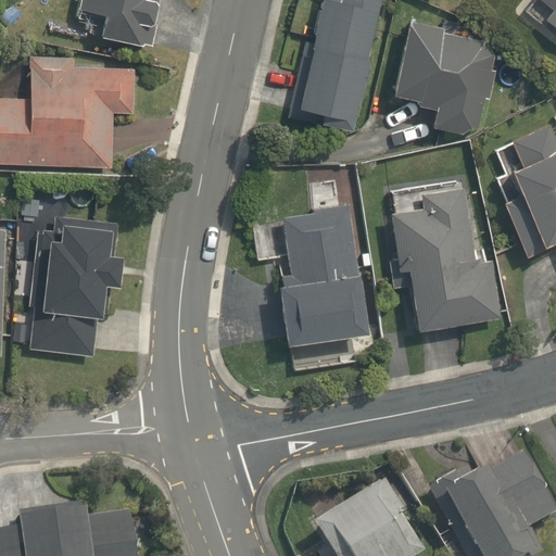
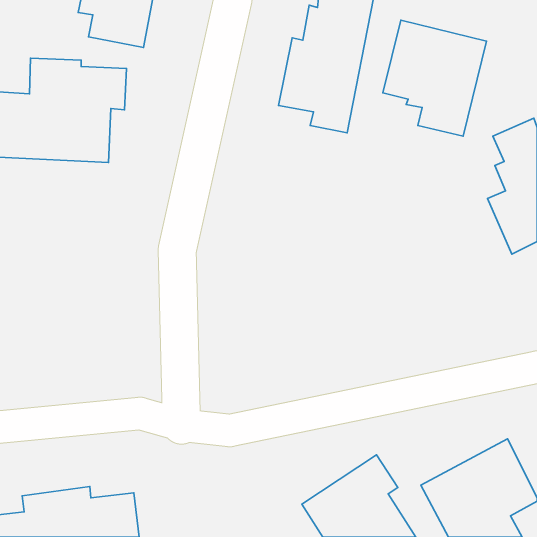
building: [384,178,503,333] -> none
building: [279,214,369,350] -> none
building: [25,216,124,359] -> none

